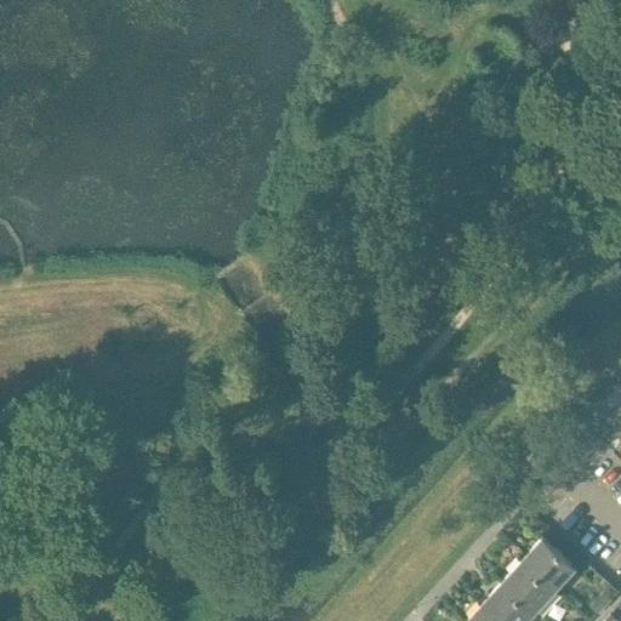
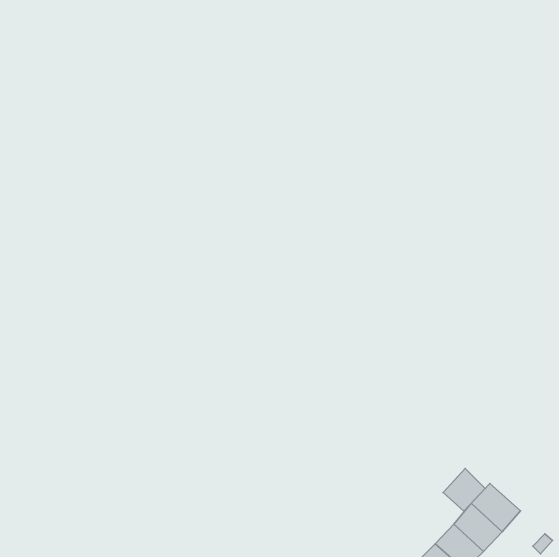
building: none -> [443,469,485,511]

